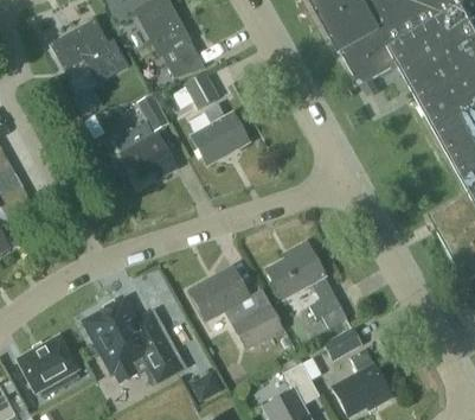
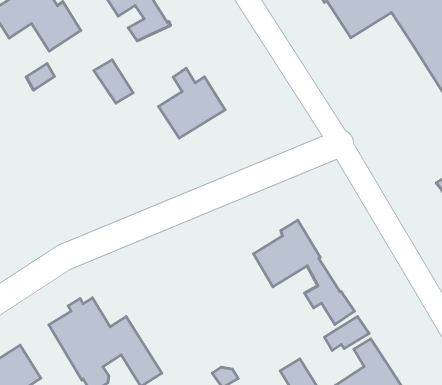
building: [185,71,219,108] -> none
building: [113,121,175,184] -> none
building: [188,265,281,346] -> none

